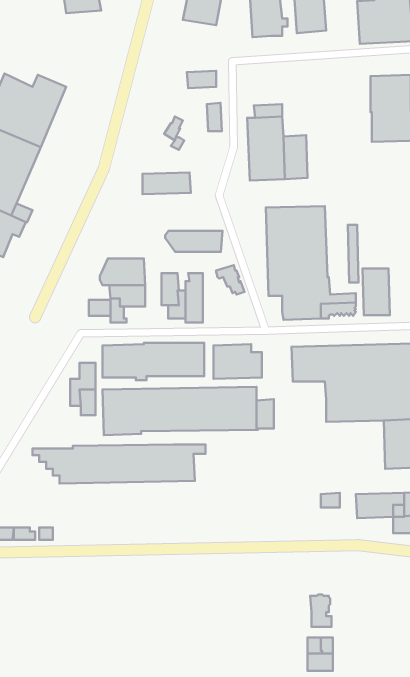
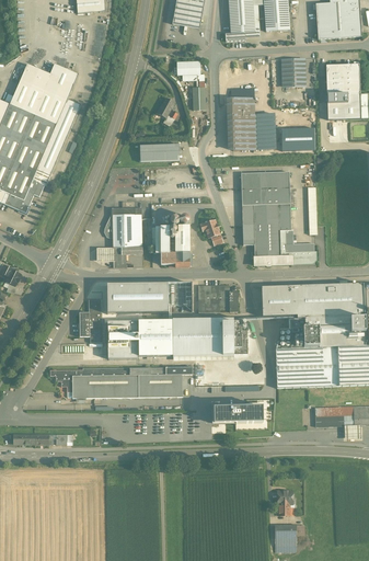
building: none -> [280,58,305,87]
building: none -> [280,128,313,150]
building: [165,231,223,252] -> none
building: [363,269,390,315] -> none
building: none -> [274,346,337,387]
building: none -> [210,402,262,425]

